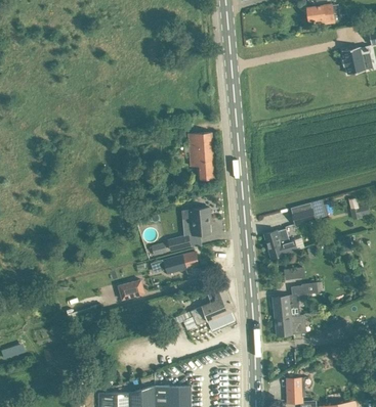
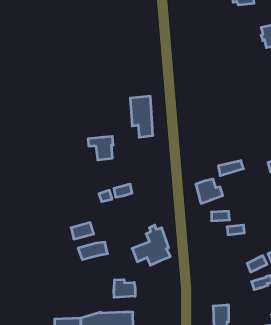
building: [180,208,210,235] -> [88,136,113,160]
building: [163,253,198,273] -> [78,242,108,260]
building: [271,296,302,336] -> none
building: none -> [114,280,135,297]

